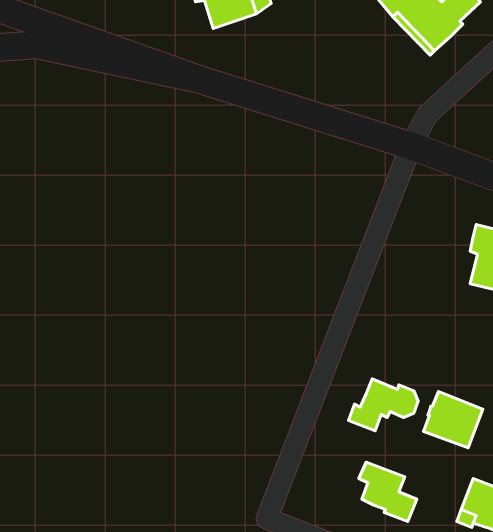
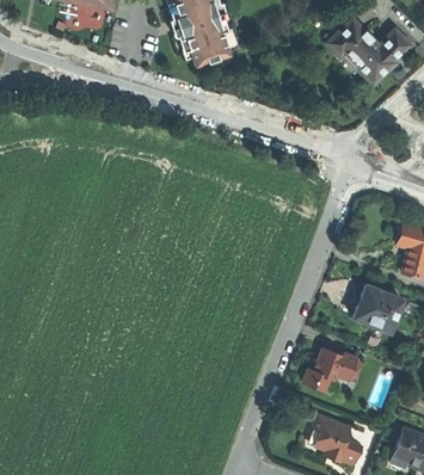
building: [423,391,483,448] -> [355,284,403,329]

